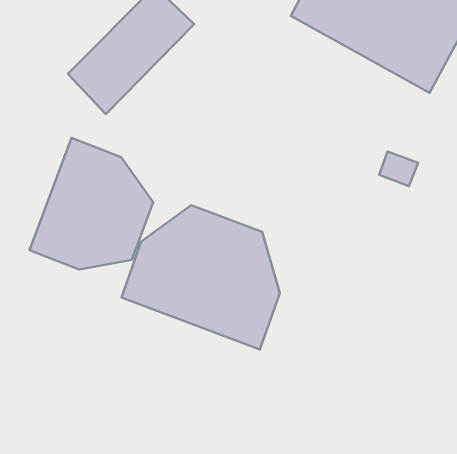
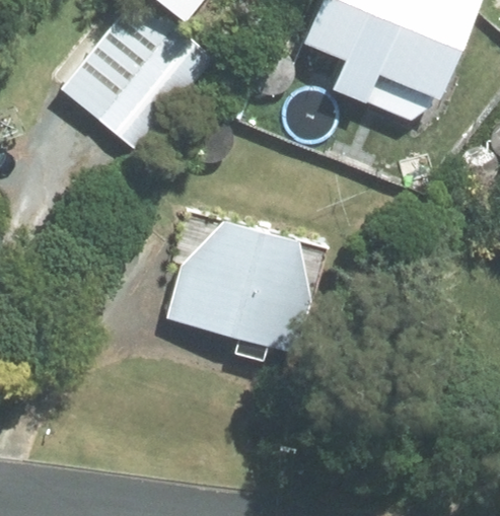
building: [30,138,153,269] -> none

